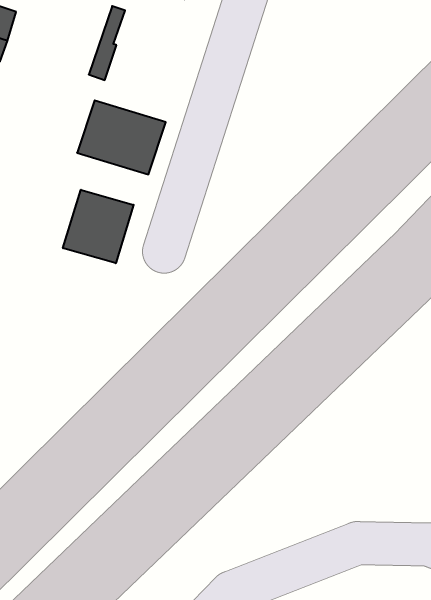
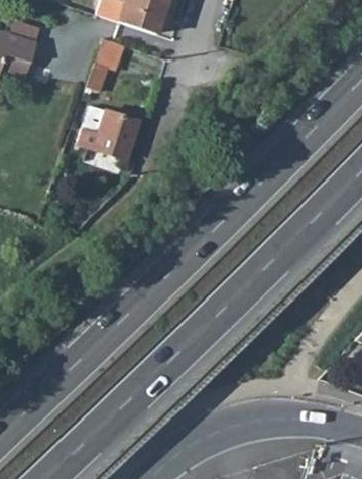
building: [63,190,134,263] -> none

